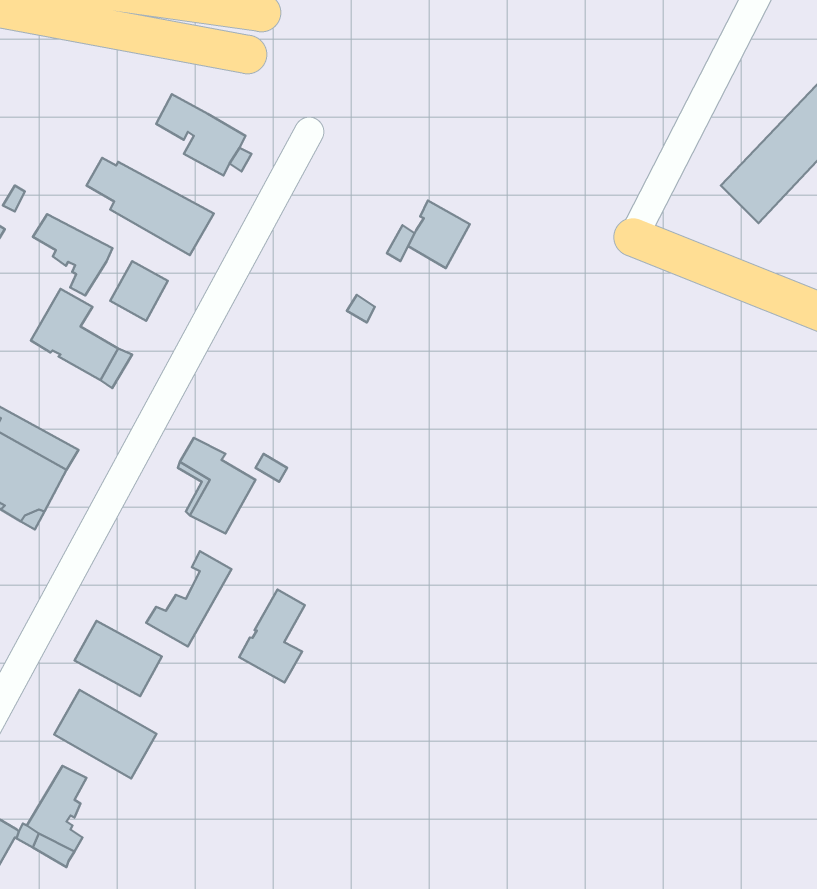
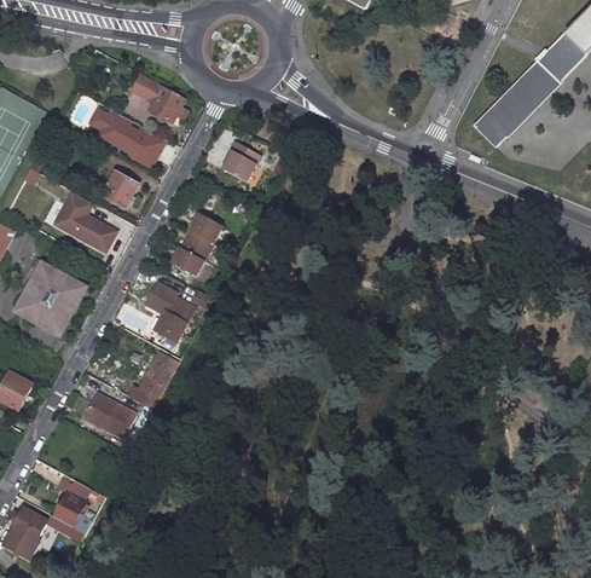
building: [408,200,470,268] -> [221,139,259,180]
building: [33,214,113,296] -> none
building: none -> [170,213,220,274]
building: [239,589,305,682] -> none
building: [54,690,157,779] -> none

